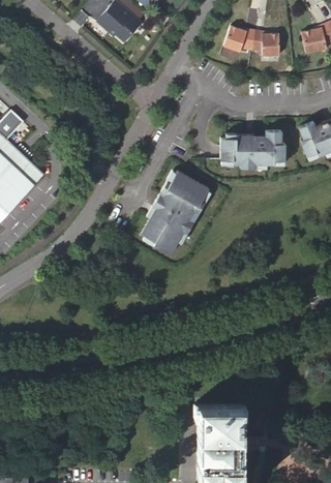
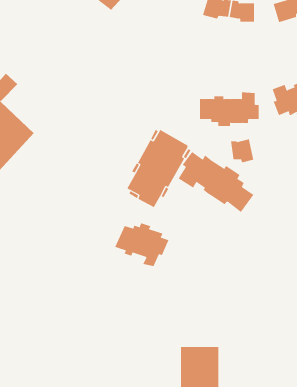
building: none -> [231,139,254,163]
building: none -> [178,151,254,213]
building: none -> [114,223,169,267]

